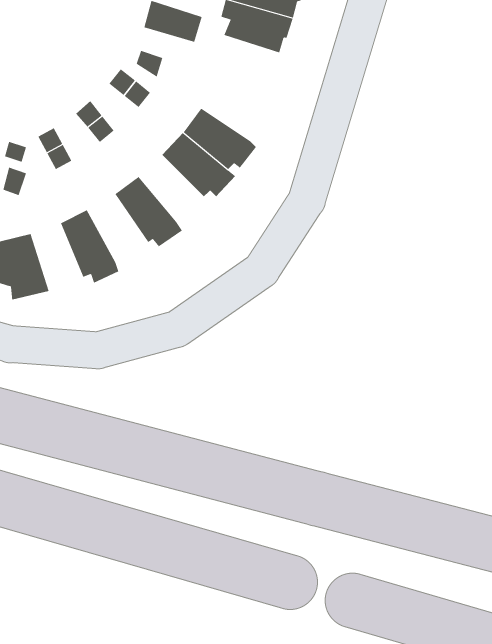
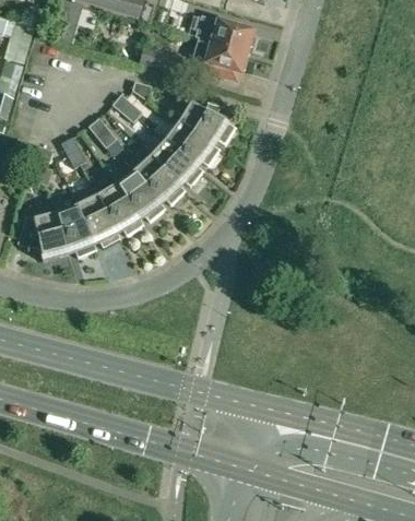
building: none -> [178,100,235,144]
building: none -> [133,154,185,203]
building: none -> [96,182,143,234]
building: none -> [56,203,95,257]

